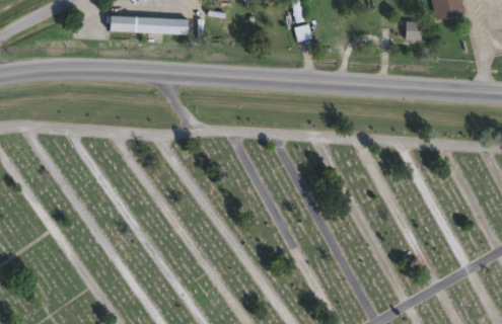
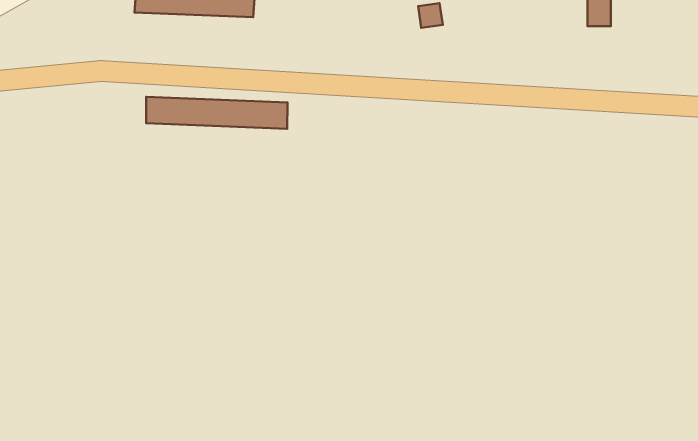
building: none -> [146,97,287,129]

